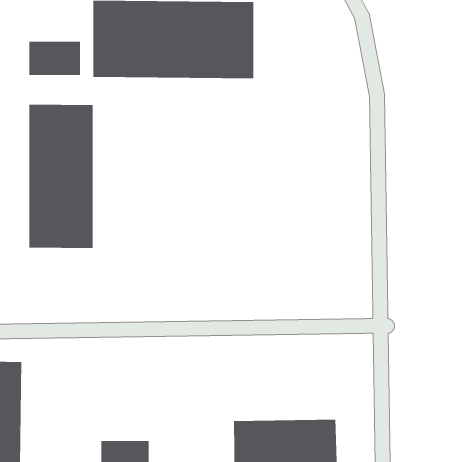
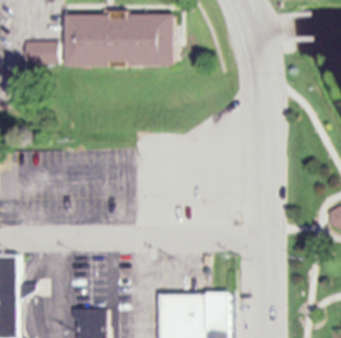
building: [29,104,93,249] -> none

